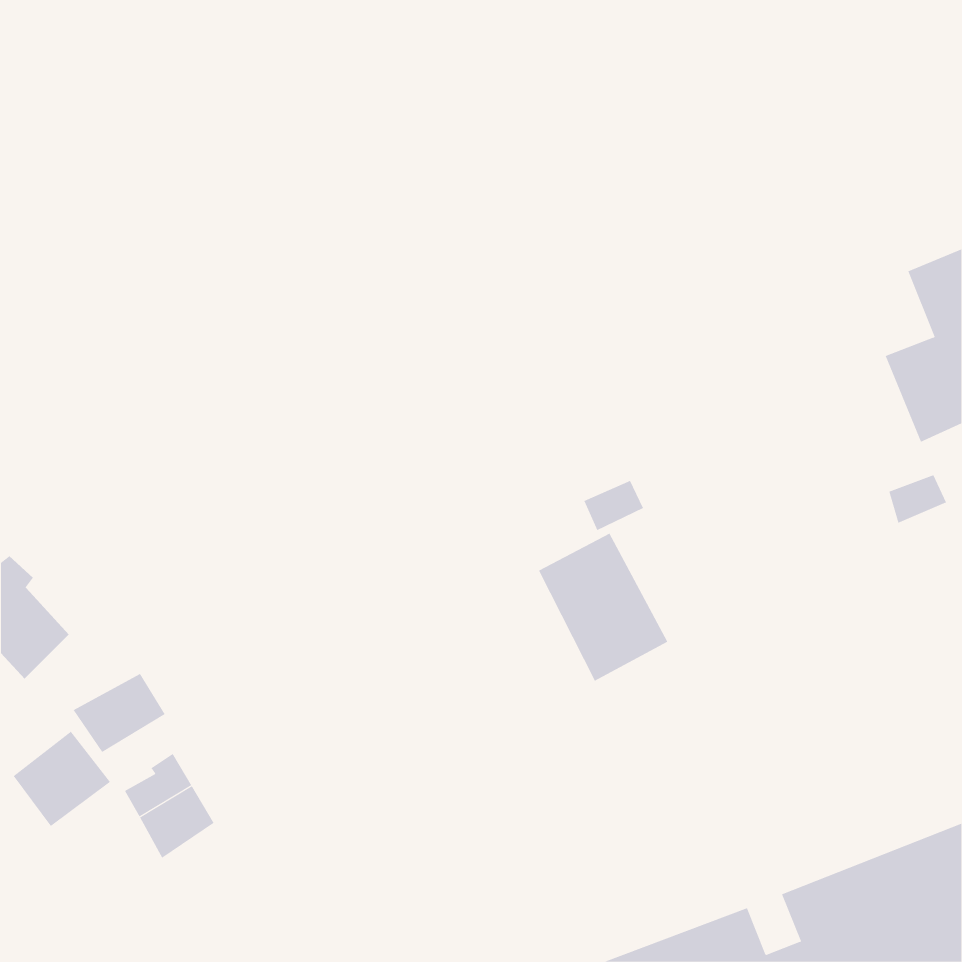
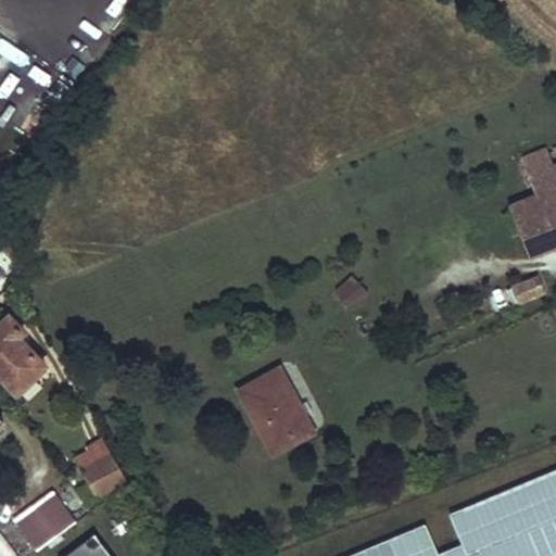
building: [538,533,668,681] -> [245,371,320,457]
building: [73,673,165,753] -> none
building: [13,731,111,827] -> [15,493,72,548]

